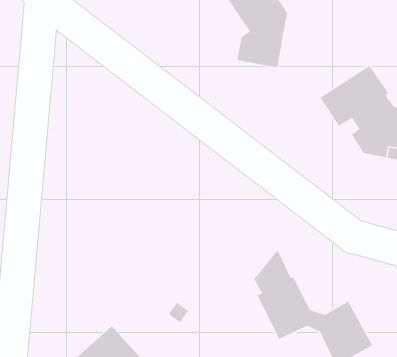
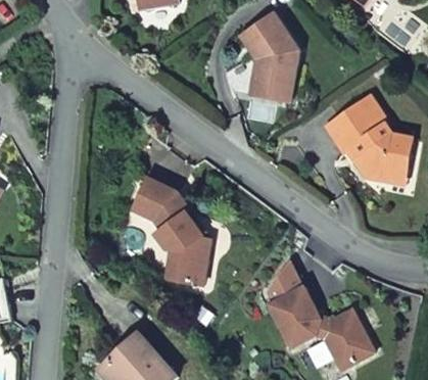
building: none -> [133,178,209,285]

